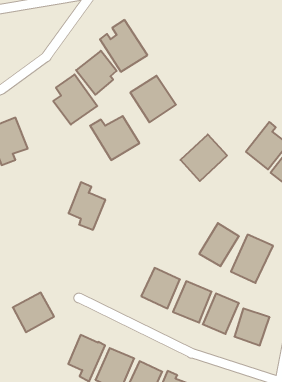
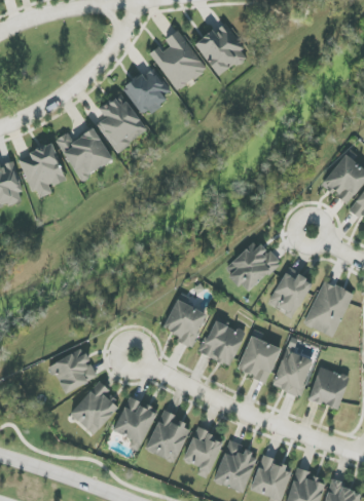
building: [130,76,176,122] -> [194,22,248,76]
building: [90,116,139,160] -> [54,127,112,179]
building: [180,134,227,181] -> [224,238,279,293]
building: [68,182,105,230] -> [163,292,207,347]
building: none -> [69,380,118,433]

